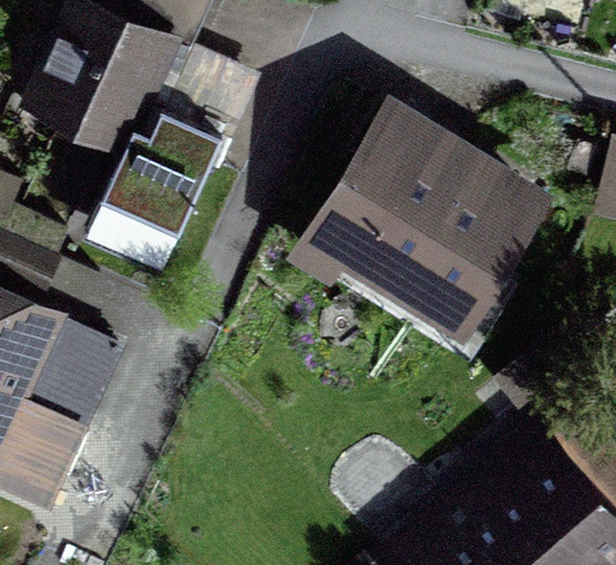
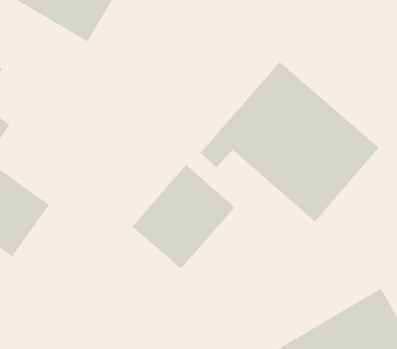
building: [93,115,220,257] -> none
building: none -> [132,164,236,269]

